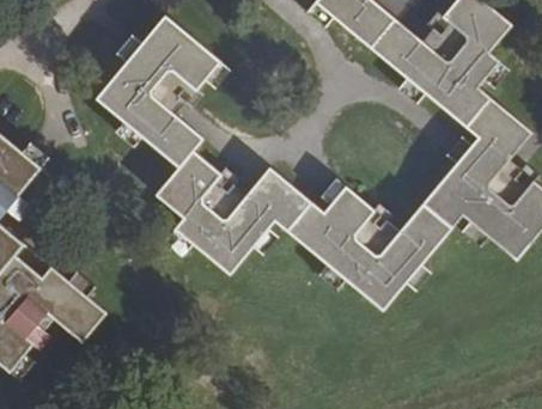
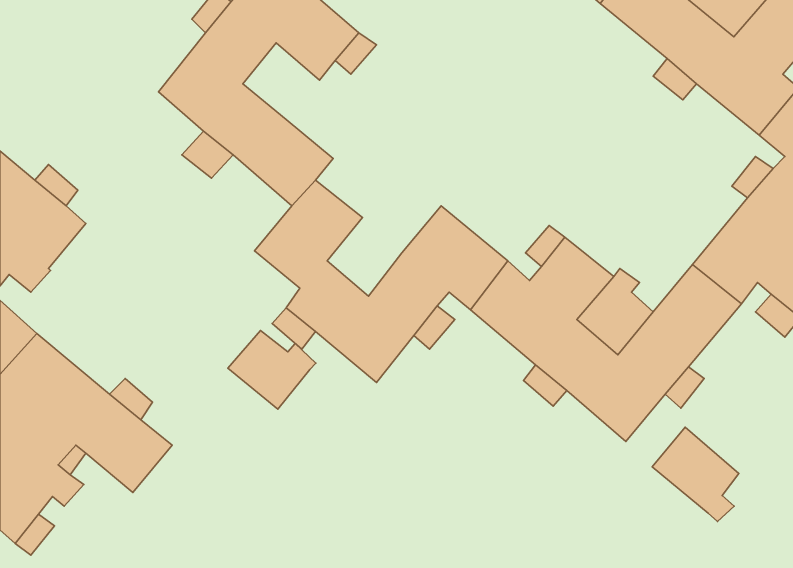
building: [148,67,201,114] -> none
building: [200,169,245,221] -> none
building: none -> [228,330,316,409]
building: none -> [652,427,739,522]

